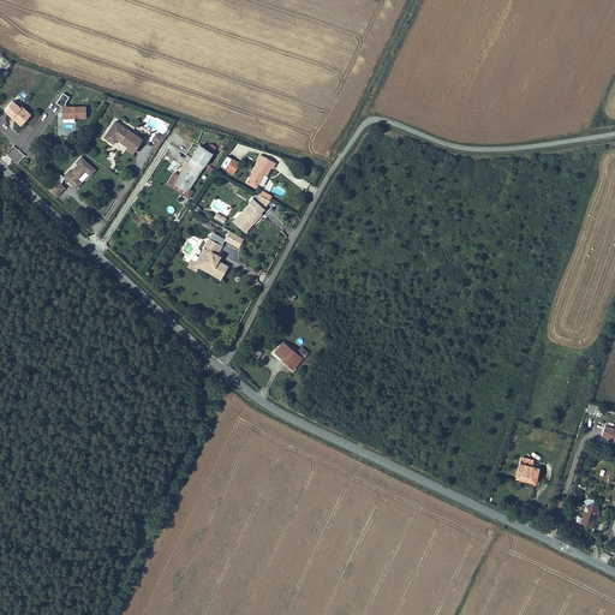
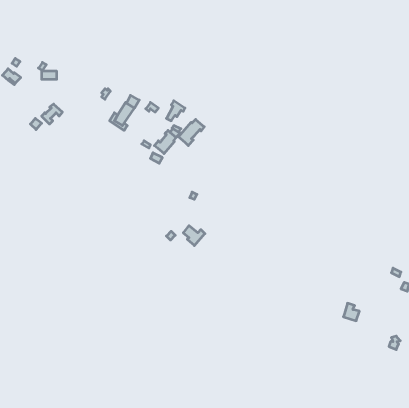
building: [105,123,143,156] -> none
building: none -> [179,119,204,146]
building: [186,234,227,279] -> none

